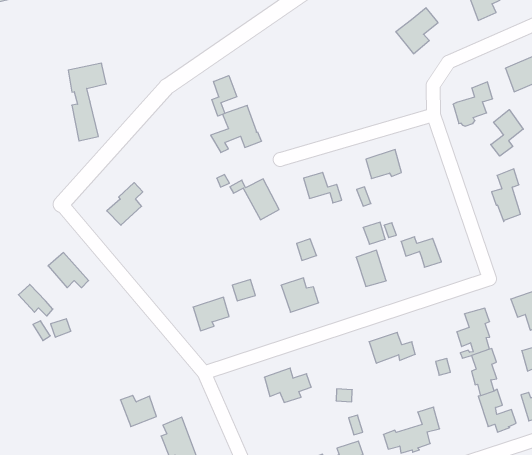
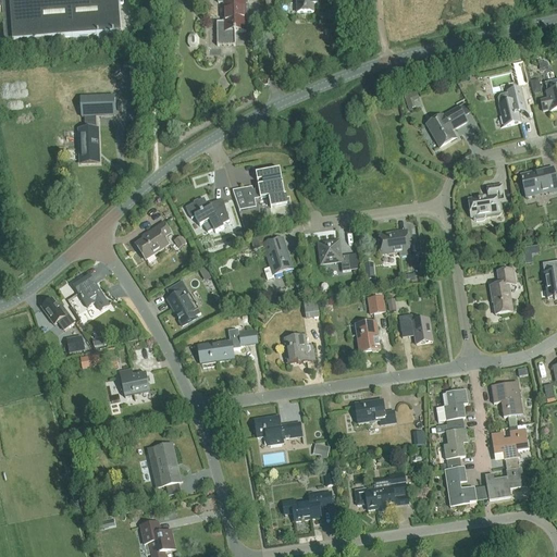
building: [68,63,106,141] -> [79,92,114,160]
building: [212,76,237,116] -> none
building: [491,110,523,156] -> none
building: none -> [185,196,230,230]
building: none -> [166,277,201,323]
building: [120,395,156,427] -> [119,367,149,395]

